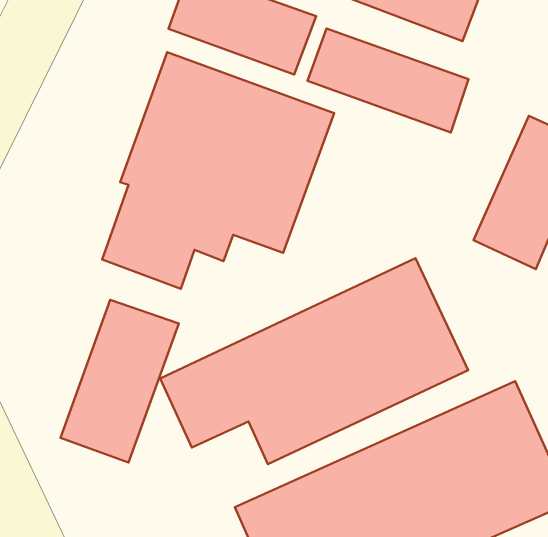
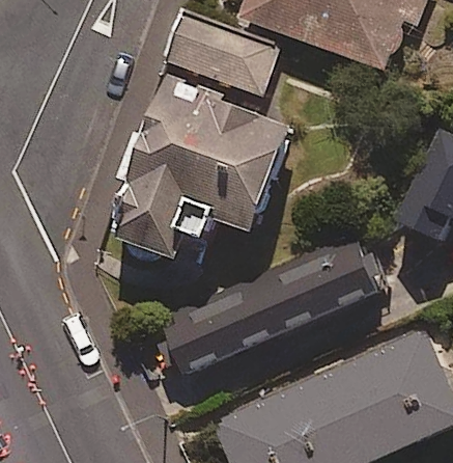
building: [308,28,469,132] -> none
building: [61,300,179,462] -> none

